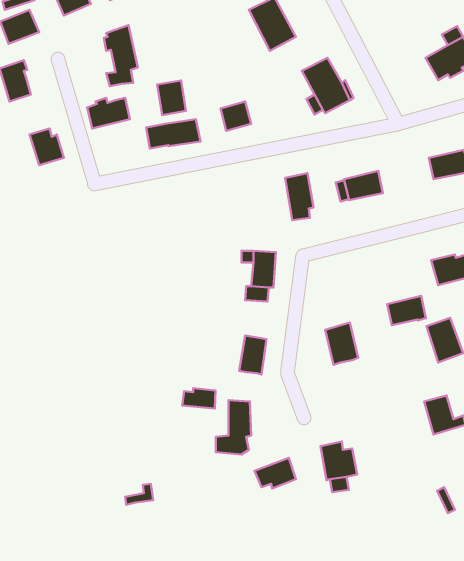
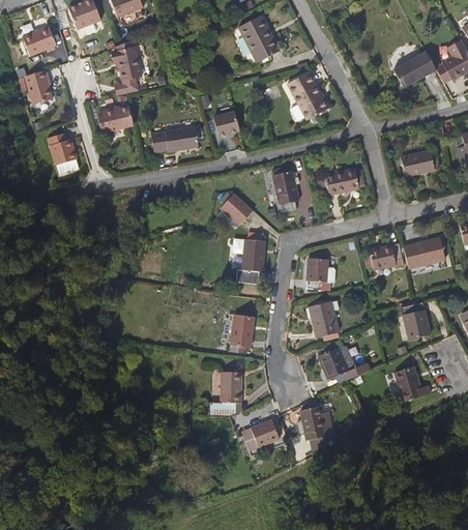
building: [157,80,186,115] -> none
building: none -> [221,192,253,224]
building: none -> [301,259,332,294]
building: [387,296,426,325] -> [368,245,402,271]
building: none -> [319,348,364,380]
building: [182,388,216,408] -> none

